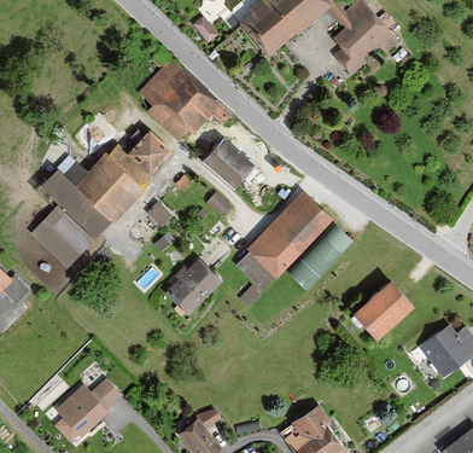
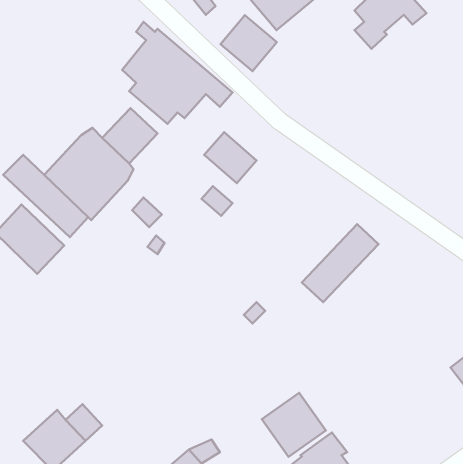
building: none -> [220,15,277,71]
building: [239,199,331,291] -> none
building: [169,265,221,316] -> none
building: [350,273,411,333] -> none
building: none -> [262,393,326,457]

